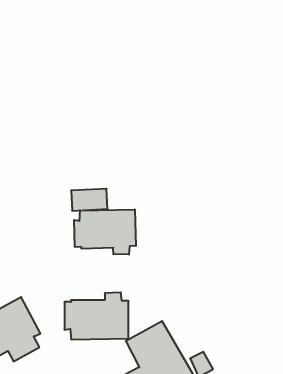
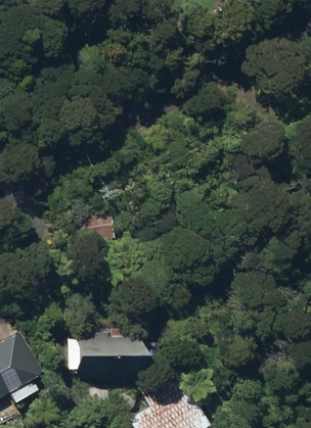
building: [74,209,136,255] -> none

